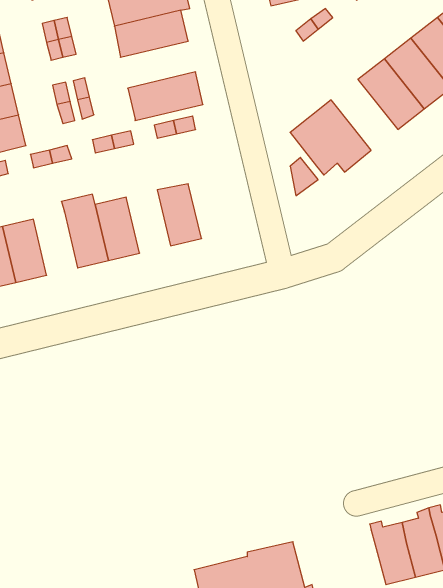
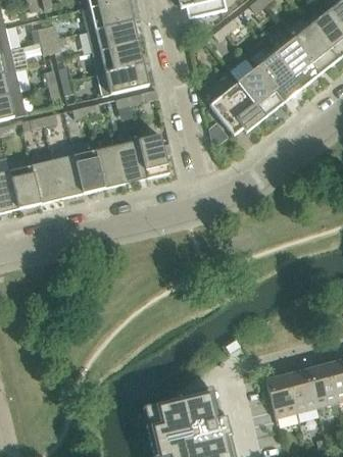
building: none -> [92,41,144,73]
building: none -> [238,67,284,116]
building: none -> [139,134,169,177]
building: none -> [96,144,127,188]
building: none -> [32,159,62,203]

